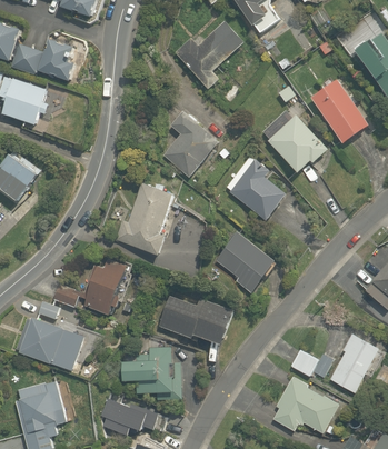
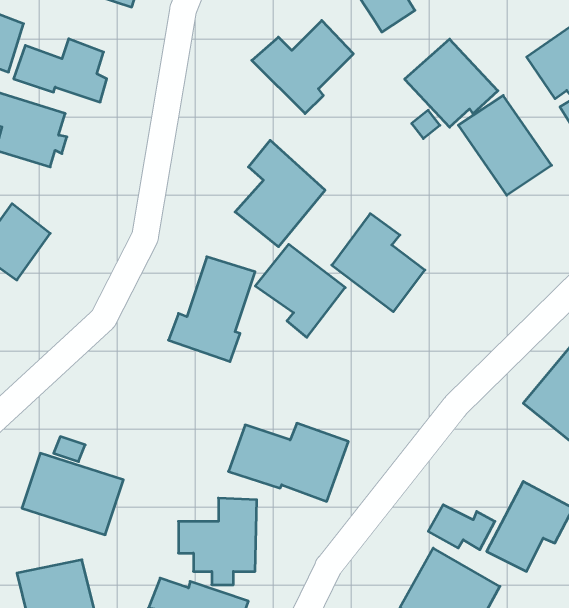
building: [267,113,329,172] -> [405,39,498,127]
building: [215,230,275,292] -> [255,244,345,337]
building: [54,258,128,313] -> none

